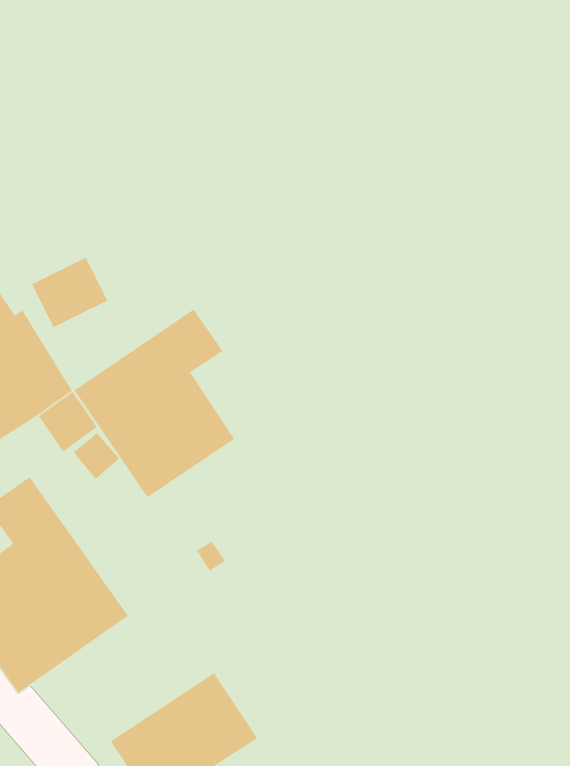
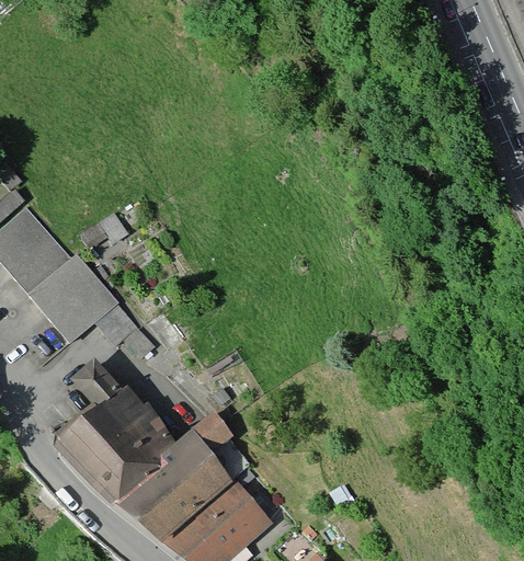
building: [74,309,235,498] -> none
building: none -> [127,428,232,528]

